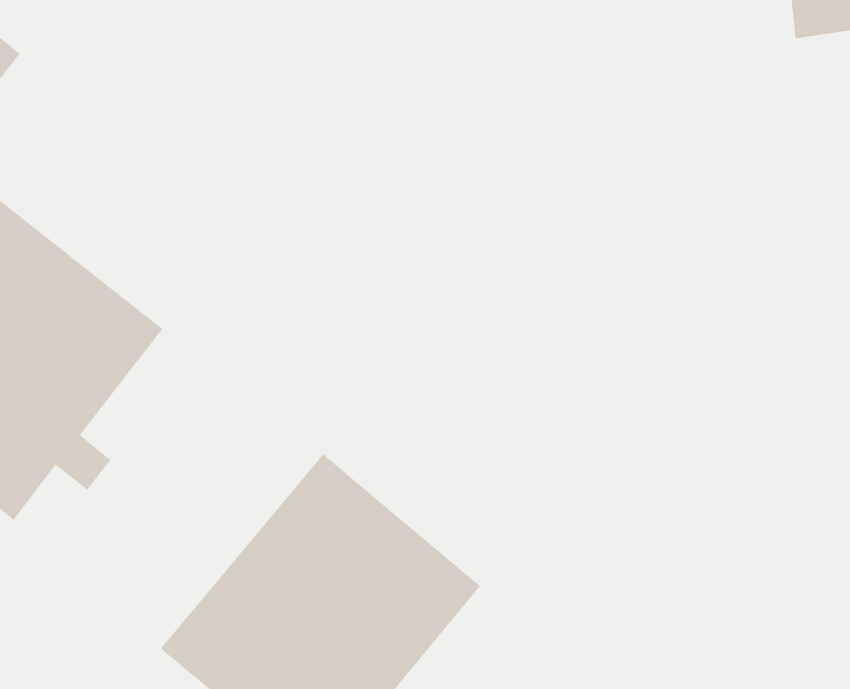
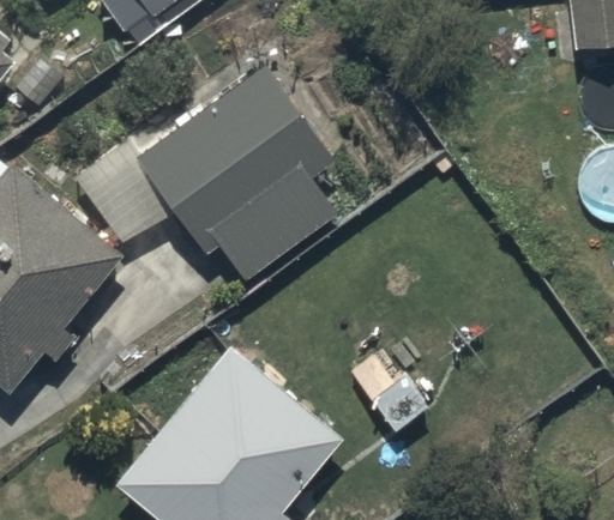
building: none -> [138,66,336,278]

